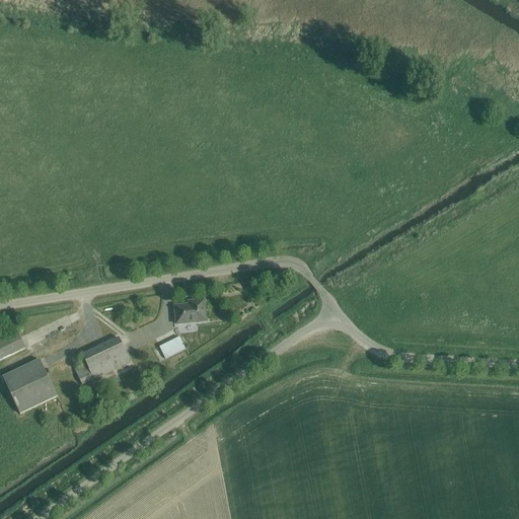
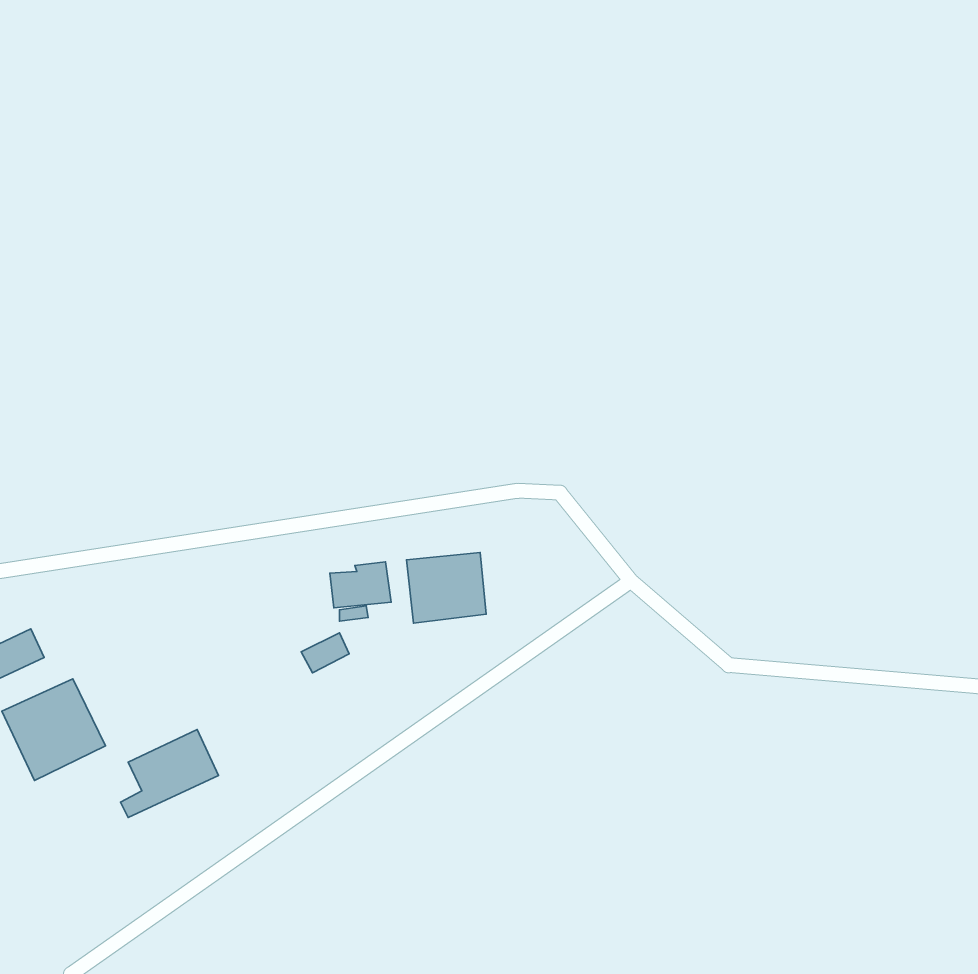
building: none -> [406,552,486,623]
building: [78,336,130,382] -> [121,729,218,818]

